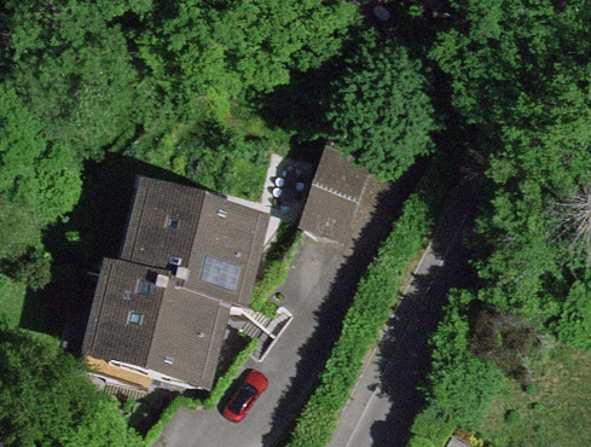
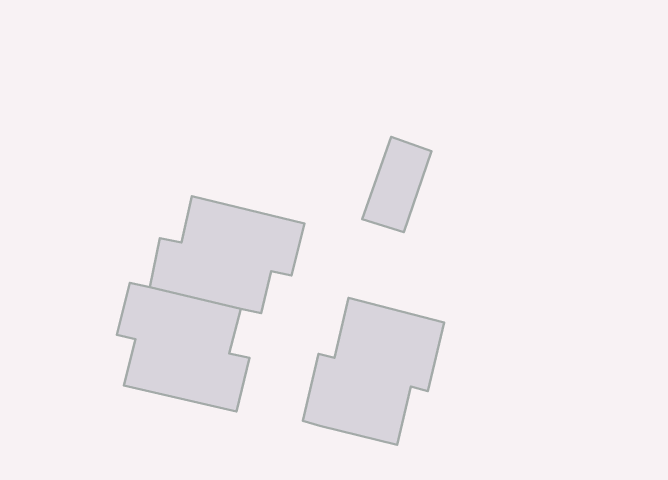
building: none -> [303,298,444,445]

